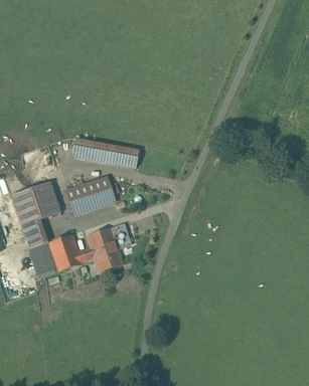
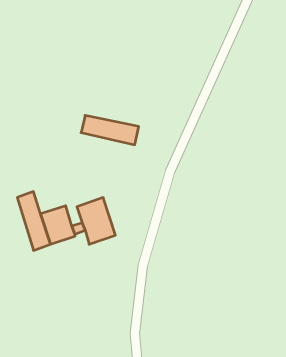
building: [65,173,115,212] -> none
building: [12,182,61,226] -> none

